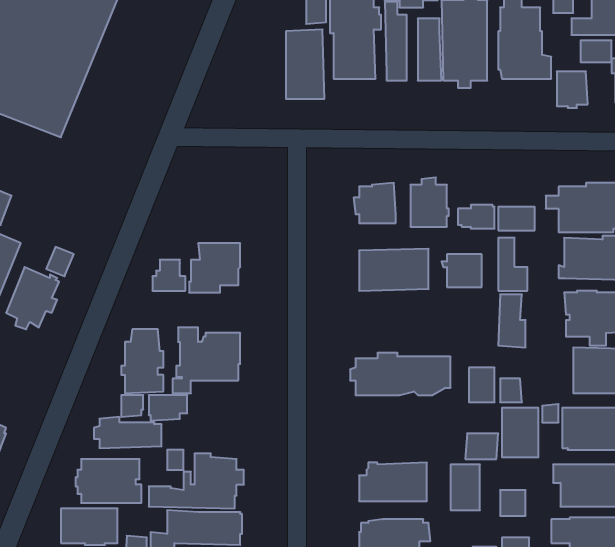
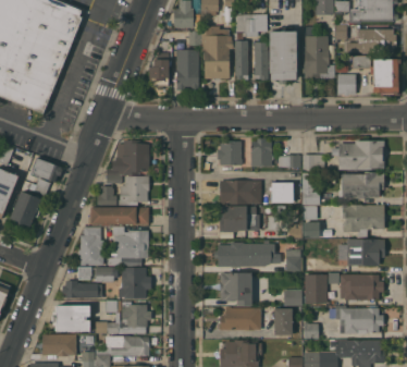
building: none -> [149,52,169,89]
building: none -> [107,140,149,183]
building: none -> [32,158,63,182]
building: none -> [220,206,259,232]
building: none -> [88,207,149,225]
building: none -> [119,267,151,298]
building: none -> [220,273,251,306]

